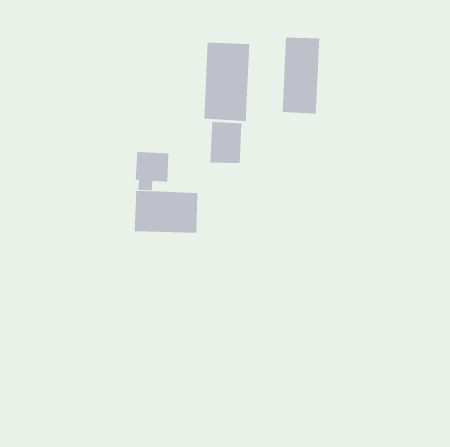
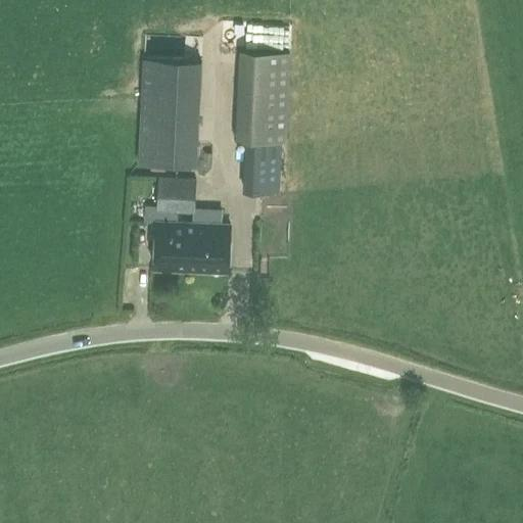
building: [282,37,320,114] -> none
building: none -> [137,60,200,165]

